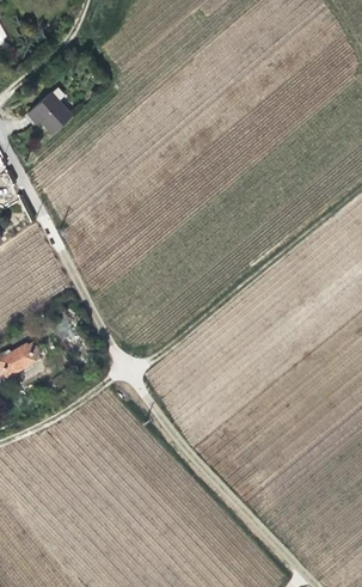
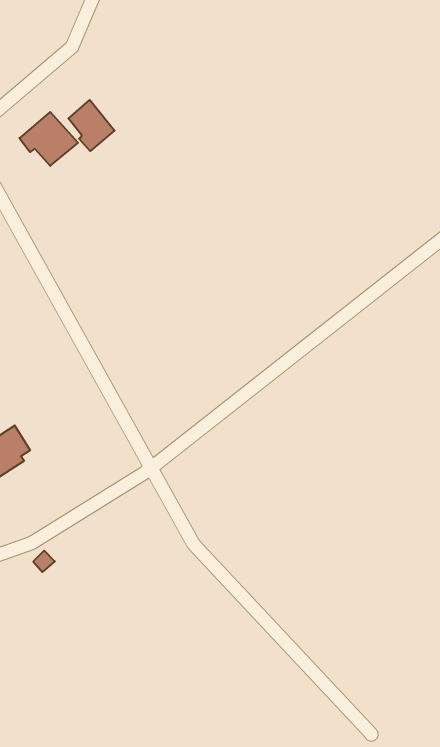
building: none -> [68,100,115,151]

